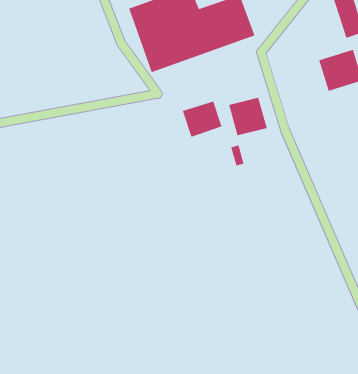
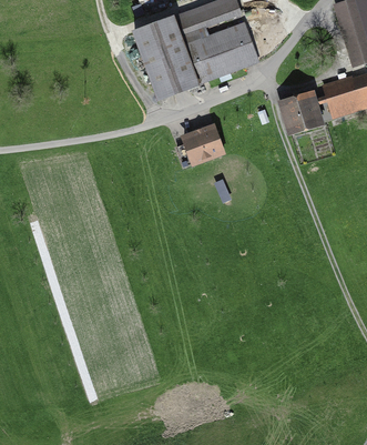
building: [228,97,268,136] -> [284,91,324,131]

